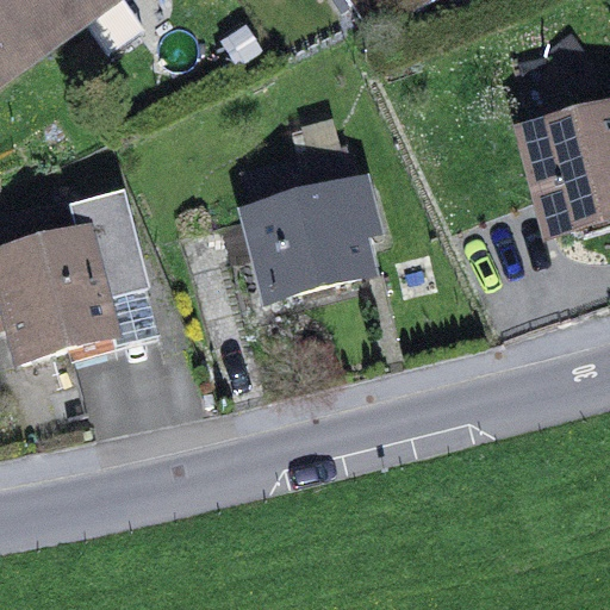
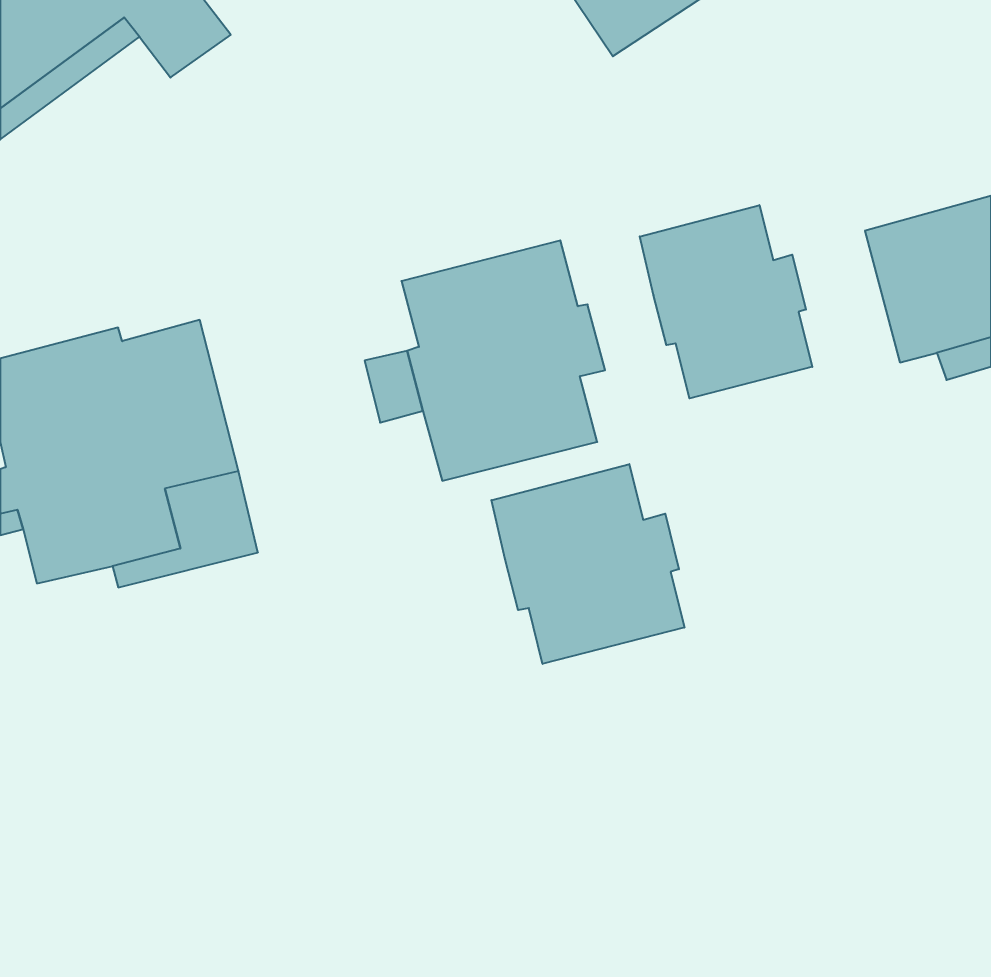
building: none -> [640,205,812,398]
building: none -> [491,464,684,664]

